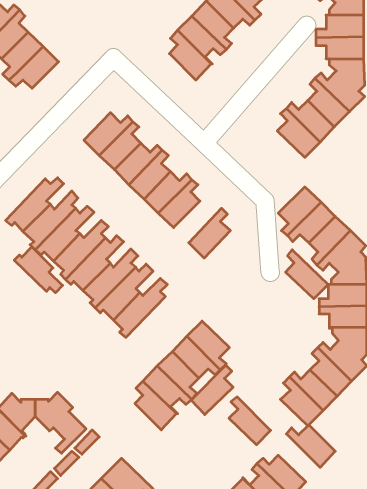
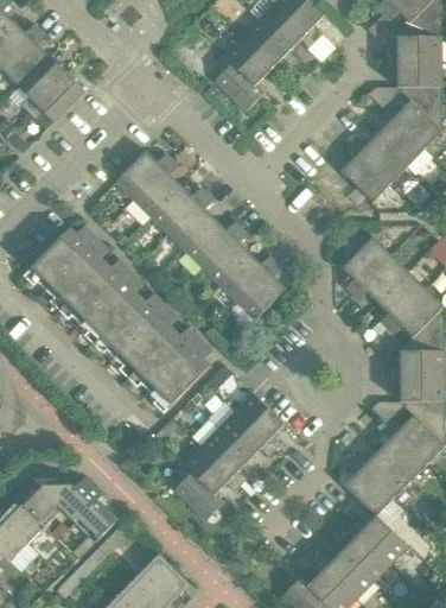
building: none -> [219,253,275,302]
building: [14,247,63,293] -> none
building: [286,250,328,299] -> none
building: [191,365,233,415] -> none
building: [229,397,271,445] -> [342,525,390,581]

